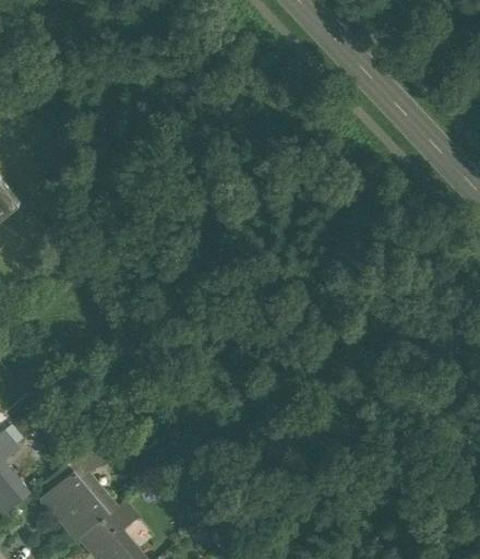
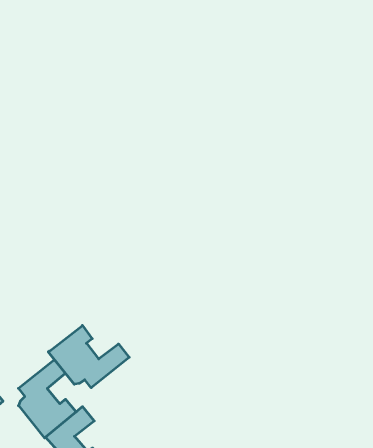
building: none -> [48,325,129,388]

